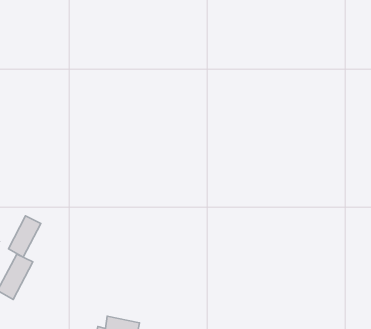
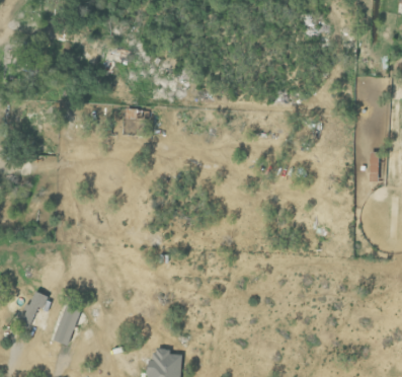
building: [9,216,41,257] -> none

